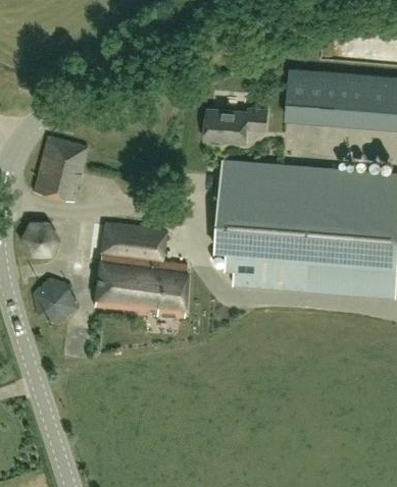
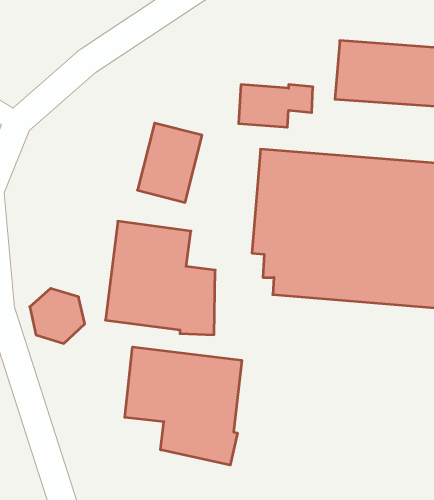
building: [33,134,87,201] -> [137,123,202,202]
building: [17,220,59,258] -> none
building: none -> [125,347,242,465]

